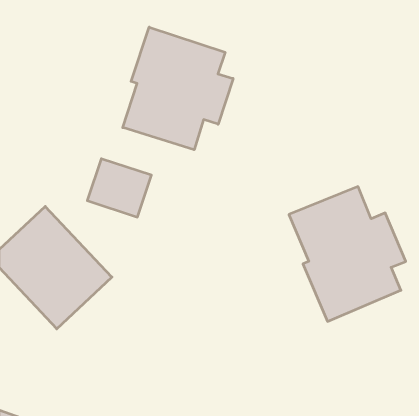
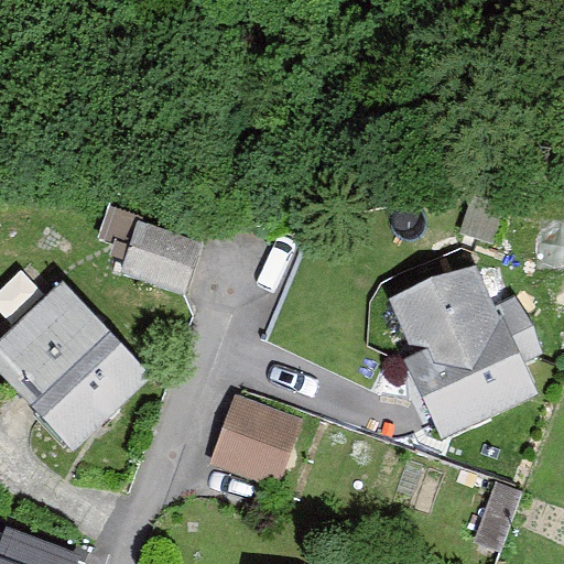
building: [123,27,233,150] -> none
building: none -> [210,398,296,491]

